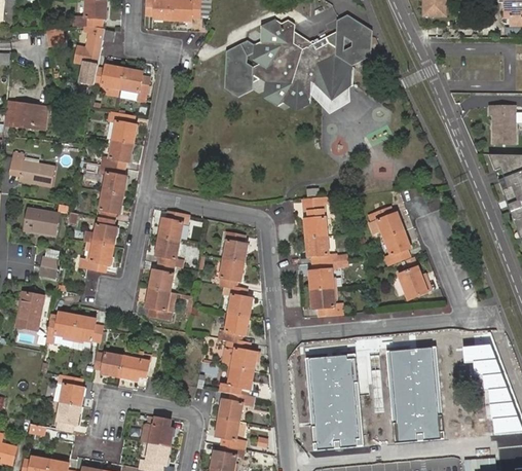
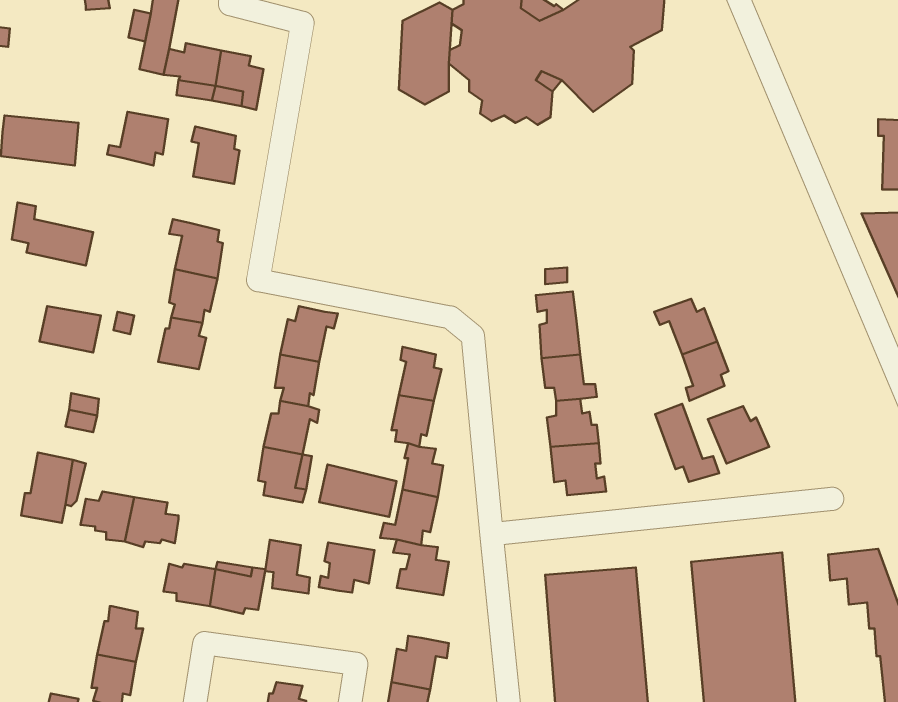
building: [99,137,133,167] -> [107,112,168,166]
building: [78,240,113,270] -> none
building: none -> [655,404,719,482]
building: none -> [319,465,396,517]
building: none -> [265,540,310,594]
building: [218,365,249,393] -> [319,543,374,593]

